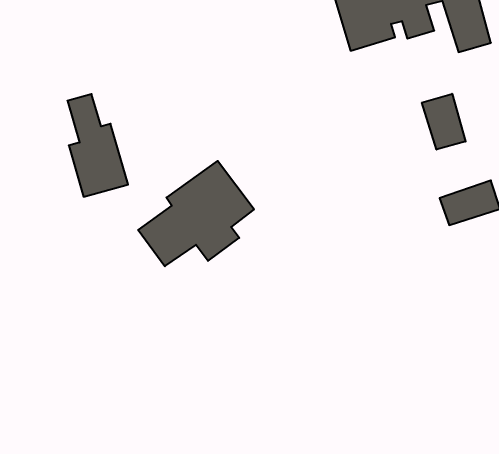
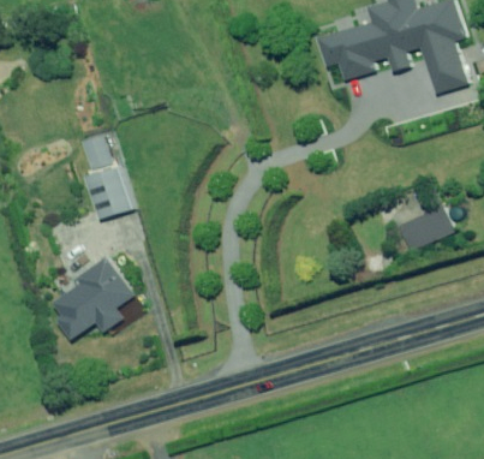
building: [422,94,466,150] -> none
building: [138,161,254,266] -> [42,246,145,340]

